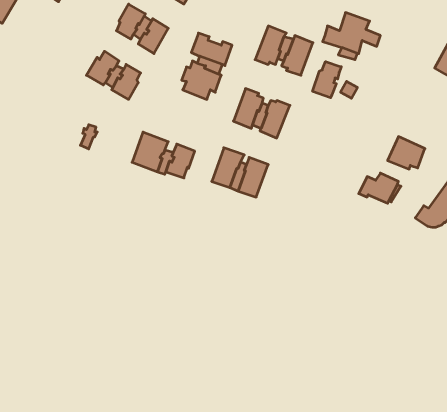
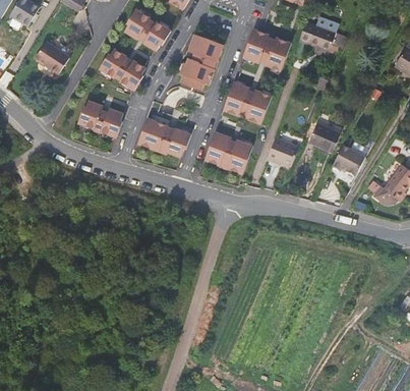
building: none -> [38,41,71,70]
building: [313,62,341,98] -> none
building: none -> [78,101,102,128]
building: none -> [101,108,123,136]
building: [388,137,425,169] -> [308,122,340,150]
building: none -> [267,135,300,164]

